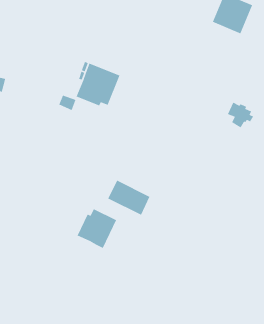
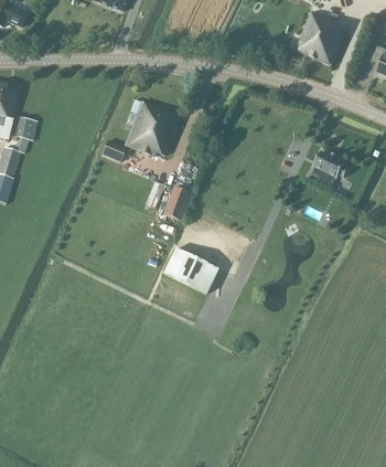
building: none -> [164,185,190,219]
building: [77,208,117,249] -> none

